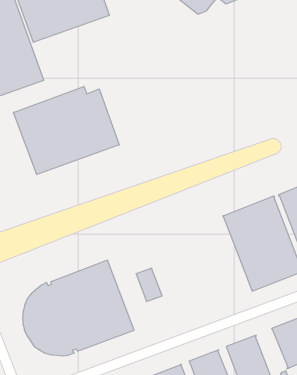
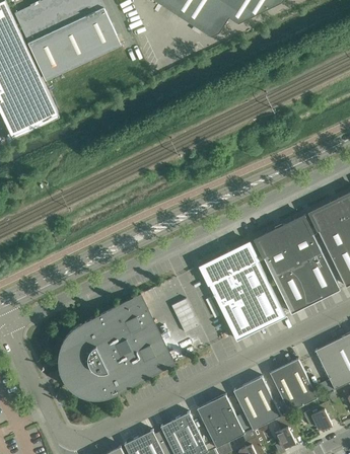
building: [14,86,119,175] -> none
building: none -> [199,241,285,338]

